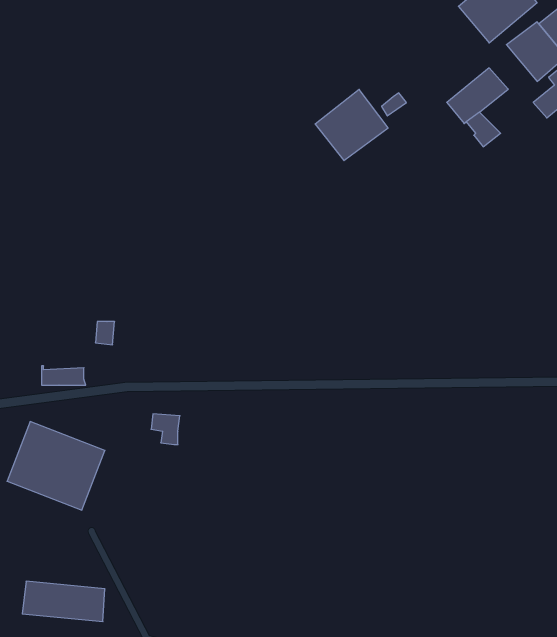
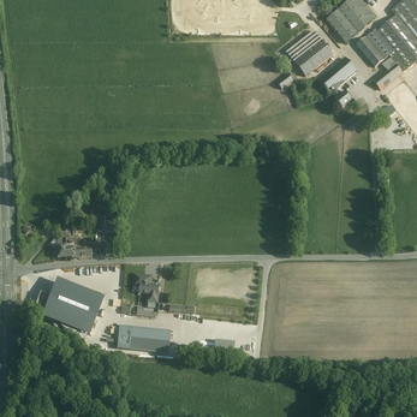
building: [315,89,388,161] -> [287,30,333,75]
building: [22,581,105,622] -> [118,326,169,351]

